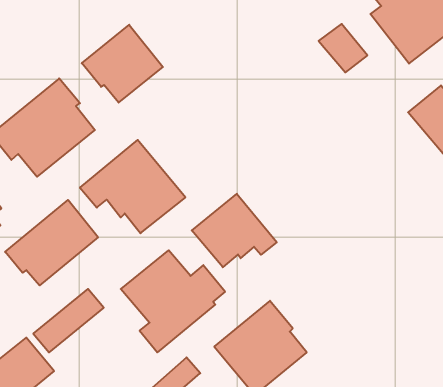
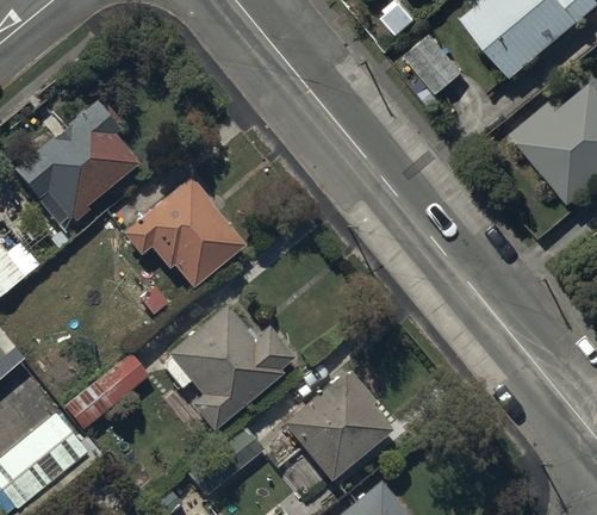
building: [82,25,163,103] -> none
building: [192,194,277,267] -> none
building: [5,200,98,285] -> none

